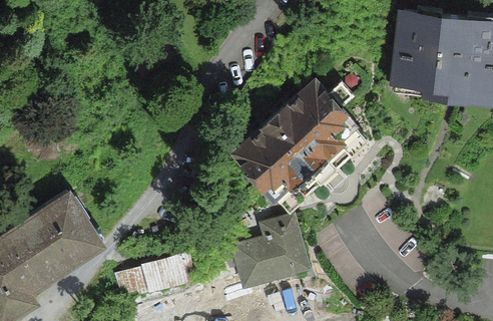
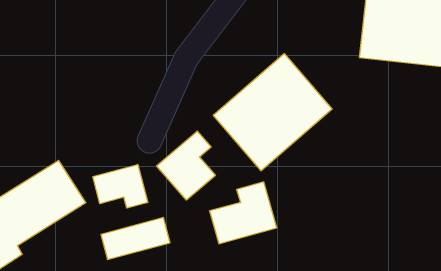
building: none -> [157,131,215,200]
building: none -> [93,164,148,208]

